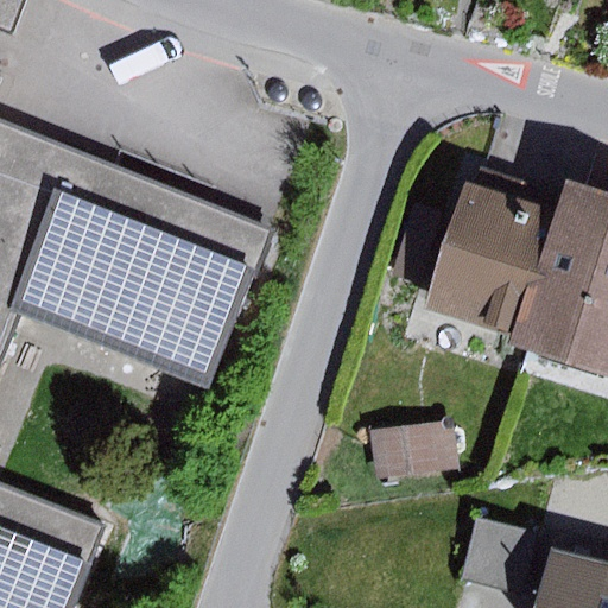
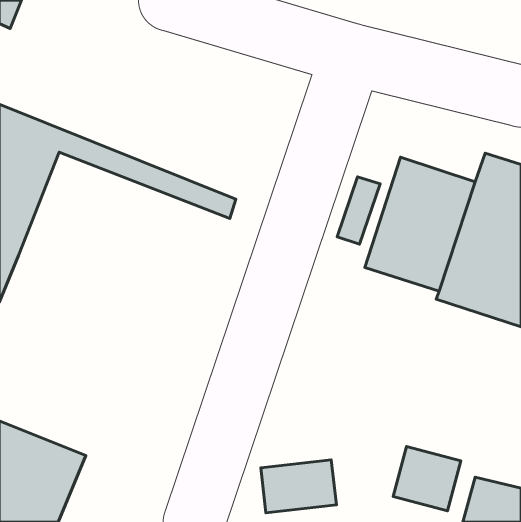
building: [21,177,267,374] -> none
building: [369,422,457,483] -> [261,460,336,513]

